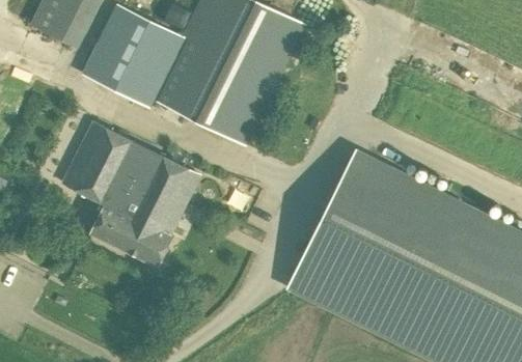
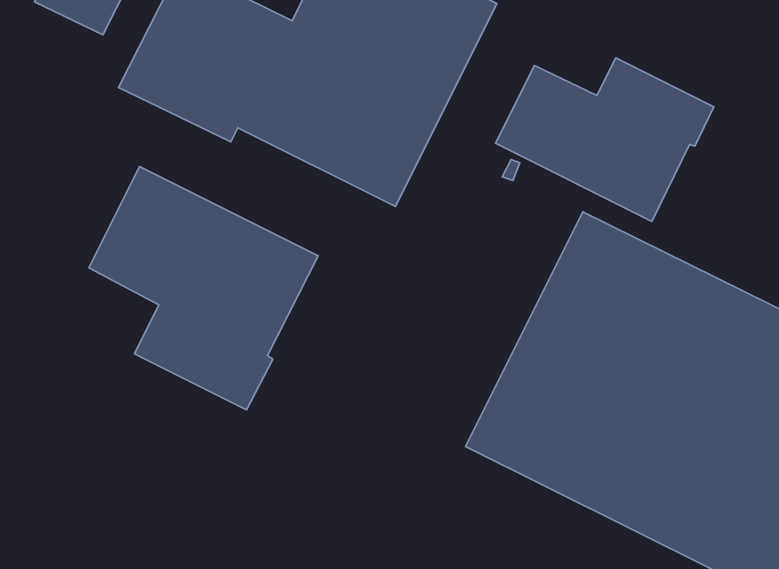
building: none -> [496,58,714,221]

